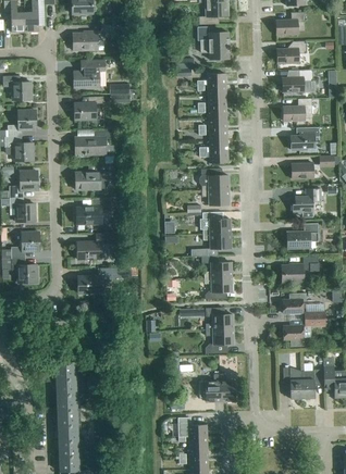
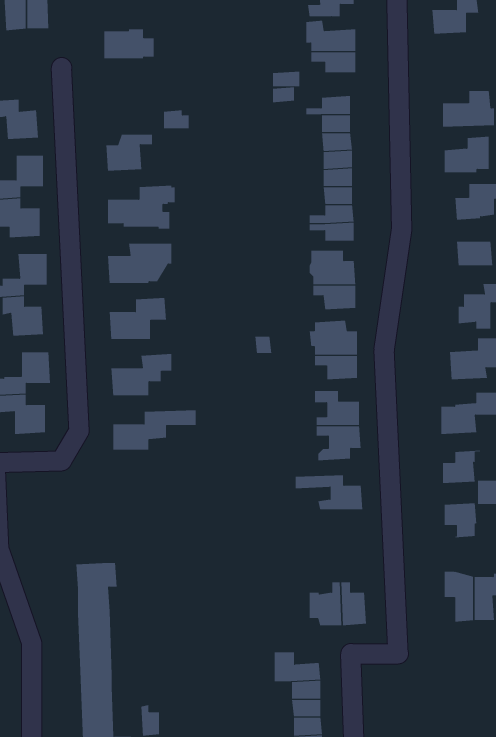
building: [276,40,306,63] -> none
building: [73,59,104,88] -> none
building: [205,329,233,353] -> none

